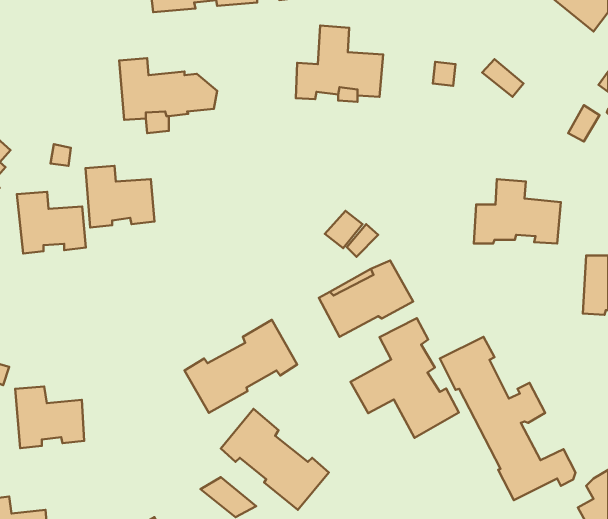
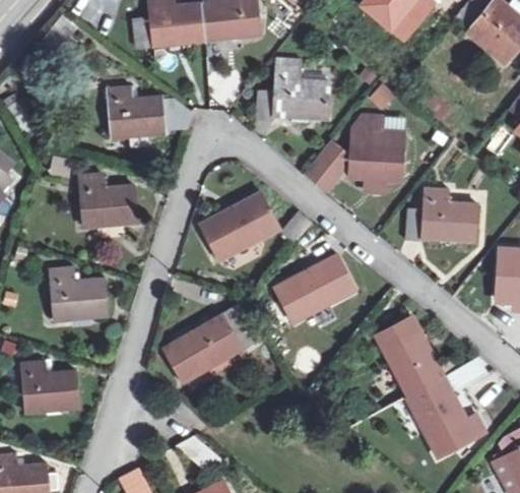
building: none -> [348,115,407,189]
building: none -> [305,140,343,189]
building: none -> [199,193,278,258]
building: [17,192,86,254] -> [49,268,107,320]
building: [350,318,459,438] -> none
building: [221,409,329,510] -> none

